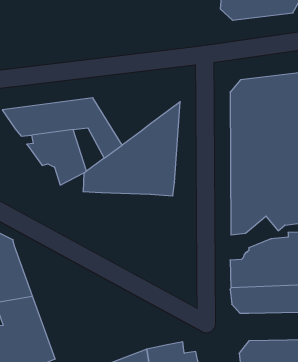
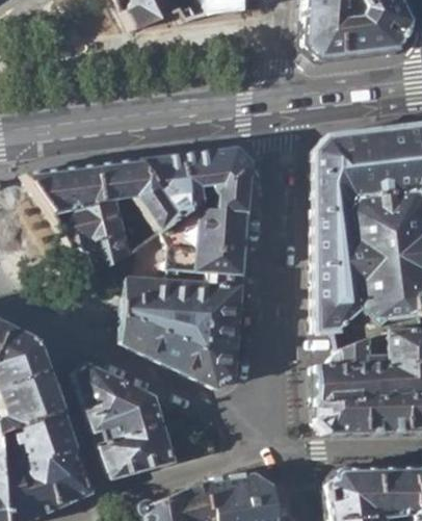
building: none -> [140,148,252,219]
building: none -> [124,279,242,387]
building: none -> [76,364,175,476]

